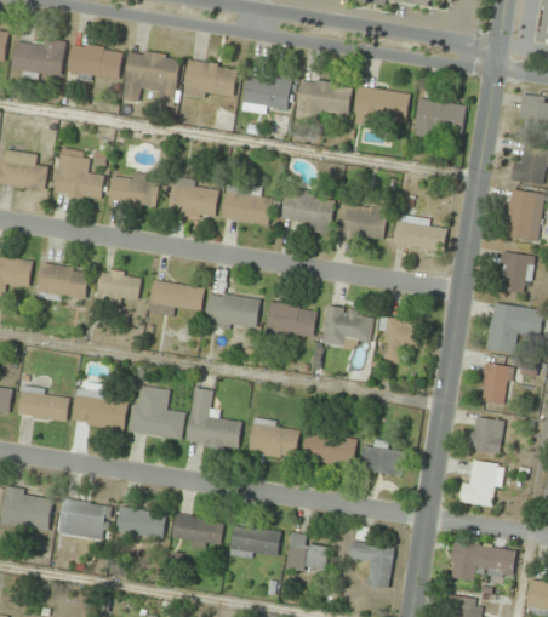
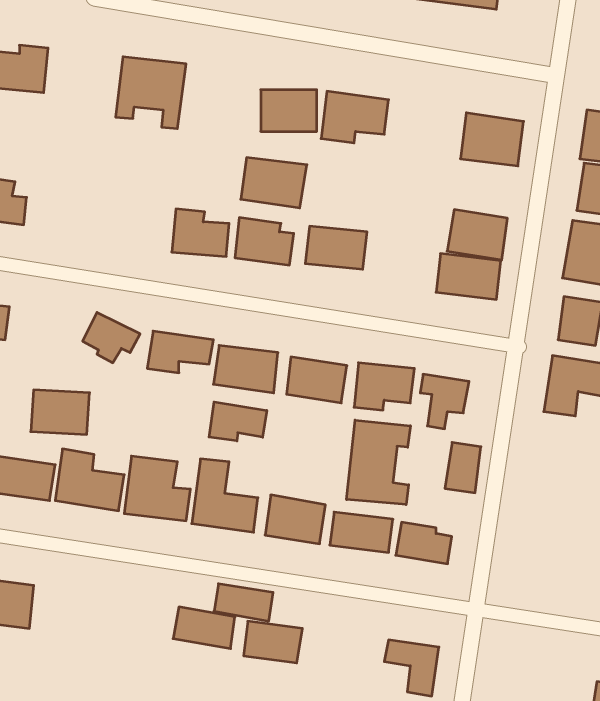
building: [68,42,124,82] -> none
building: [183,59,239,102] -> [241,158,307,208]
building: [354,86,410,127] -> none
building: [55,154,104,200] -> none
building: [109,172,154,206] -> none
building: [337,199,388,241] -> [447,210,507,260]
building: [39,264,89,302] -> [31,390,90,434]
building: none -> [209,402,267,441]
building: none -> [347,420,410,505]
building: [478,361,508,404] -> [445,442,481,493]
building: [468,416,502,452] -> none
building: [458,458,500,505] -> none
building: [58,498,107,539] -> none
building: [116,507,166,538] -> [214,584,273,621]
building: [286,532,327,572] -> none
building: [447,539,514,579] -> none

